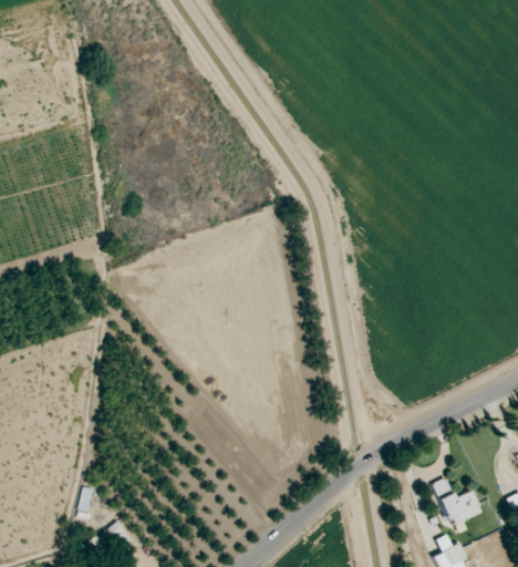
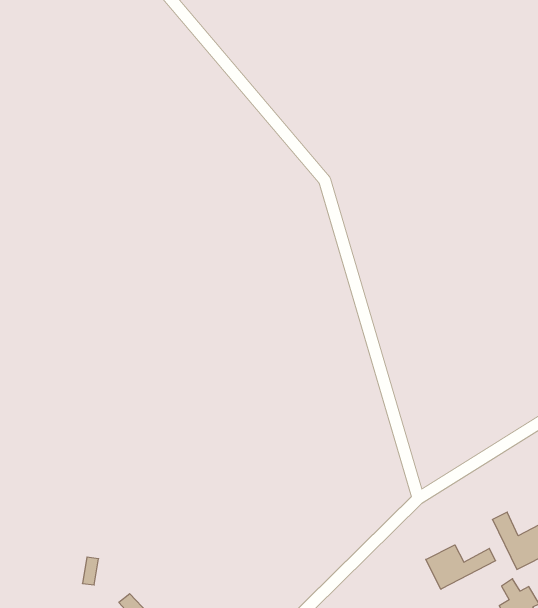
building: none -> [426,545,496,589]

